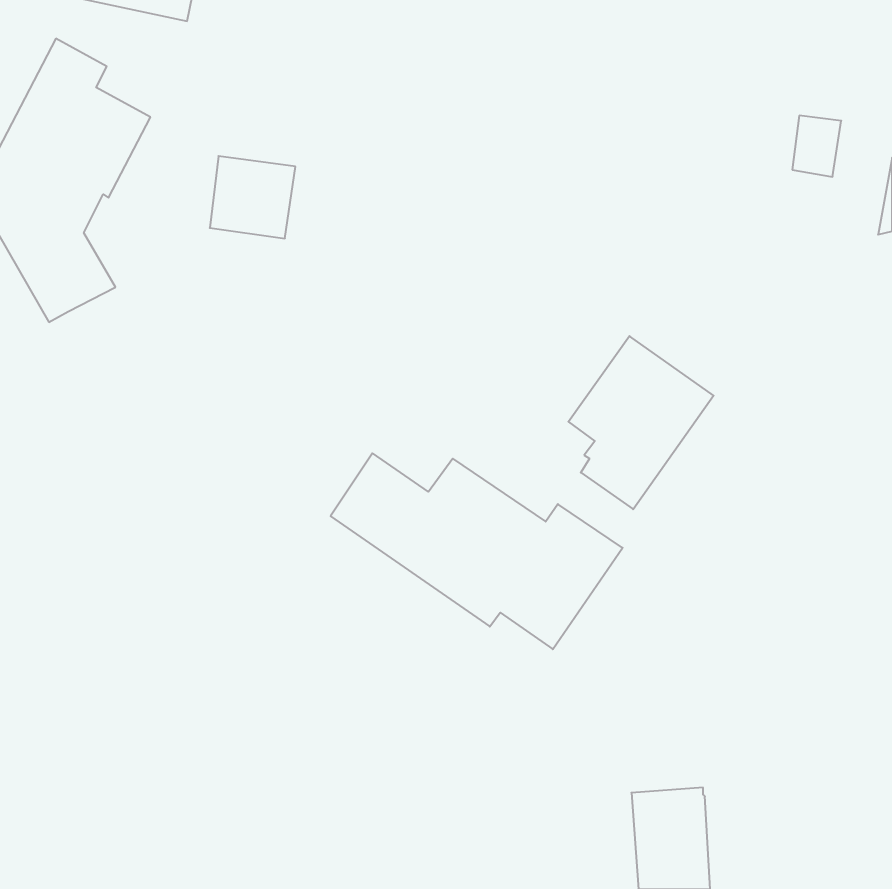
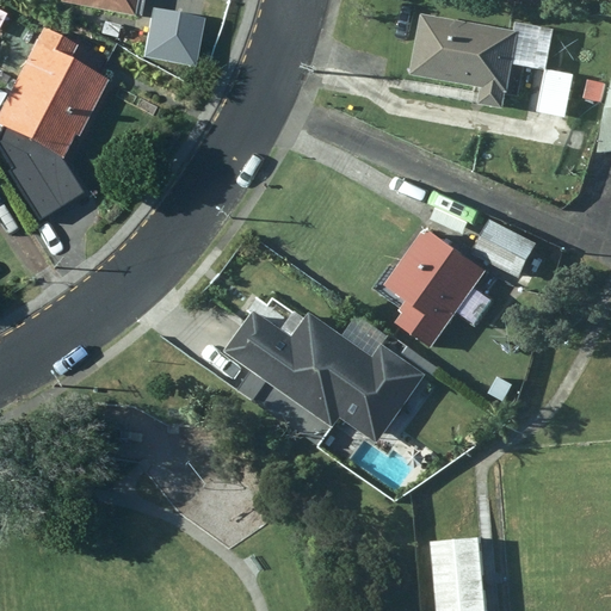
building: none -> [409,12,517,107]
building: [210,156,295,238] -> [141,11,199,67]
building: none -> [473,218,535,277]

